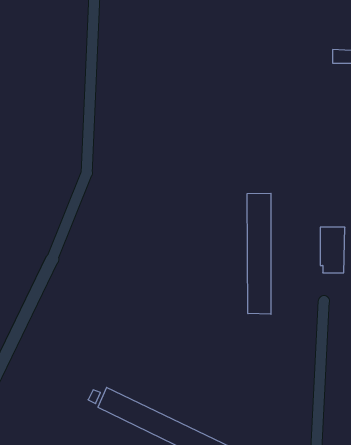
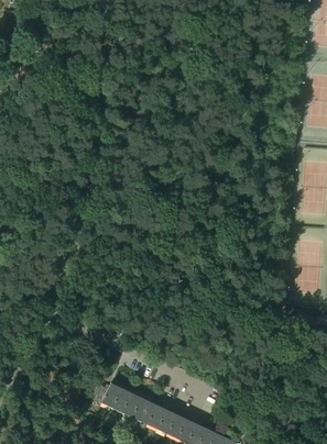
building: [247,193,271,314] -> none

